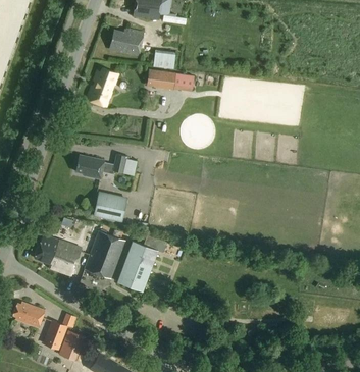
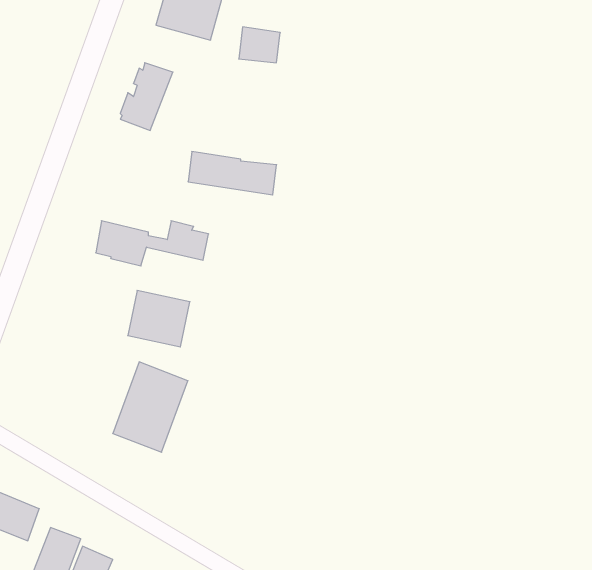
building: [146,68,194,92] -> [188,152,277,195]
building: [35,234,82,276] -> none
building: [116,234,167,290] -> none

